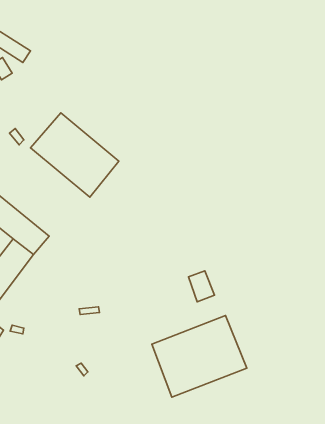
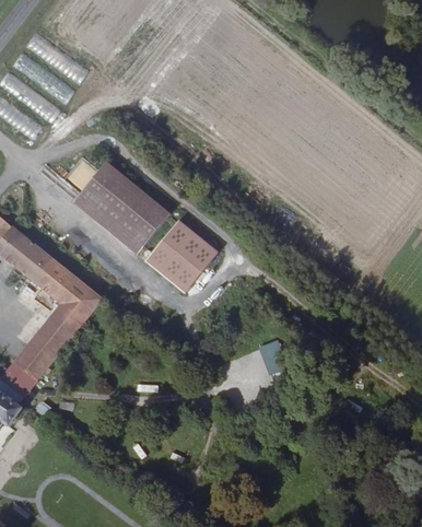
building: none -> [143,218,218,293]
building: [152,316,247,397] -> none

